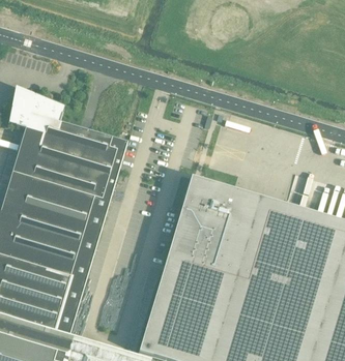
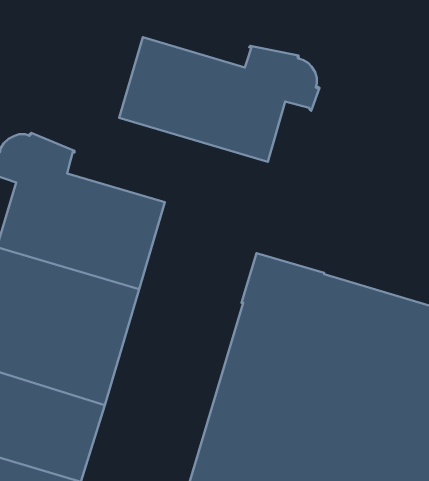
building: none -> [119,37,319,162]

